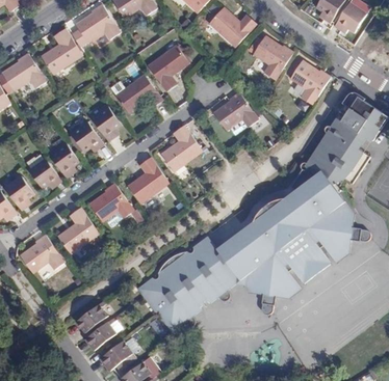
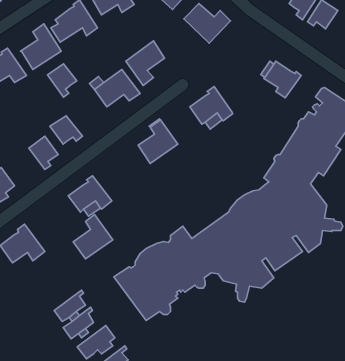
building: [252,35,292,79] -> none
building: [90,106,121,140] -> [47,64,77,97]
building: [127,156,168,202] -> none
building: [27,158,59,187] -> none
building: [57,207,98,252] -> [73,214,113,259]

